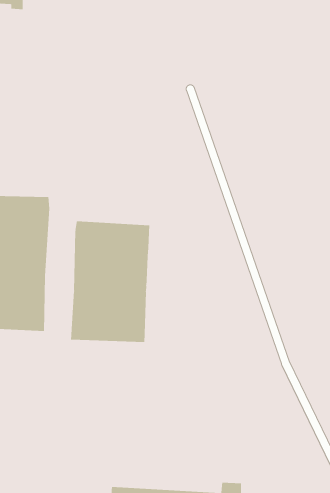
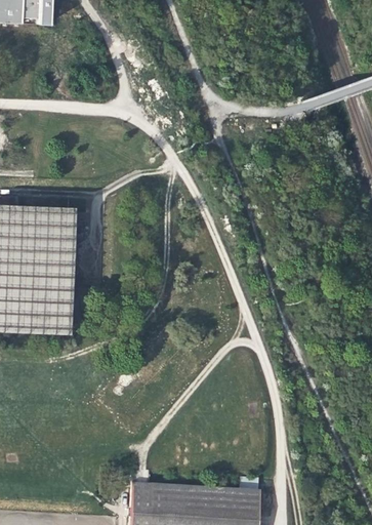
building: [71,220,150,343] -> none

